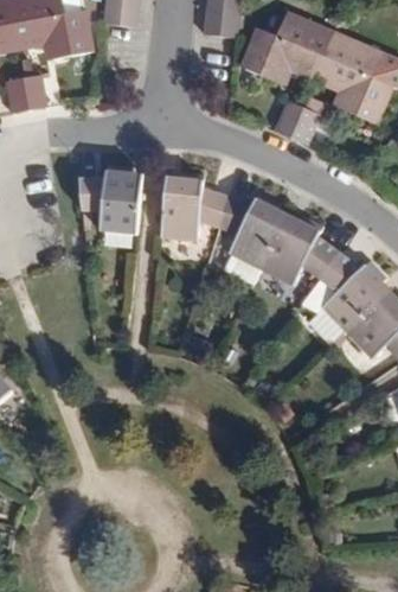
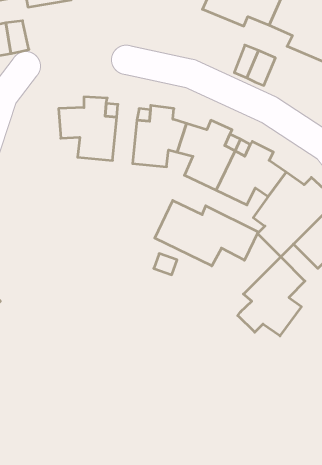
building: none -> [155,200,258,266]
building: none -> [238,257,305,336]

